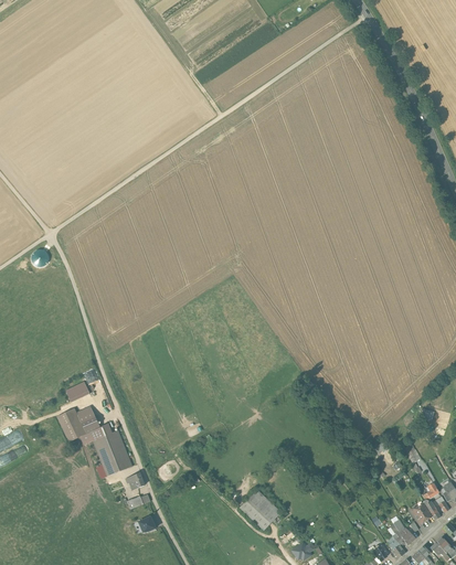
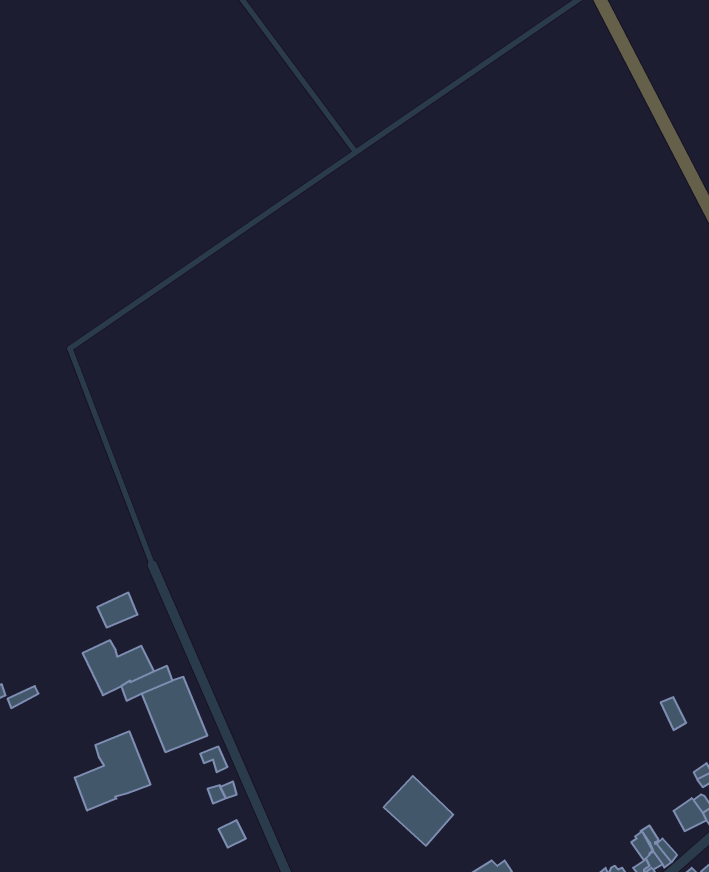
building: none -> [75,731,150,811]

